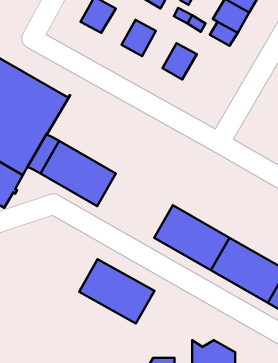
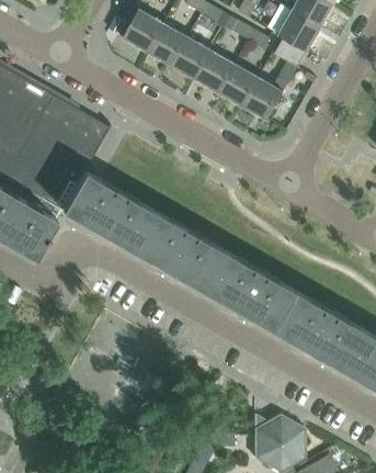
building: none -> [146,23,186,66]
building: none -> [194,49,235,93]
building: none -> [241,77,283,121]
building: [79,259,154,323] -> [141,217,230,293]

